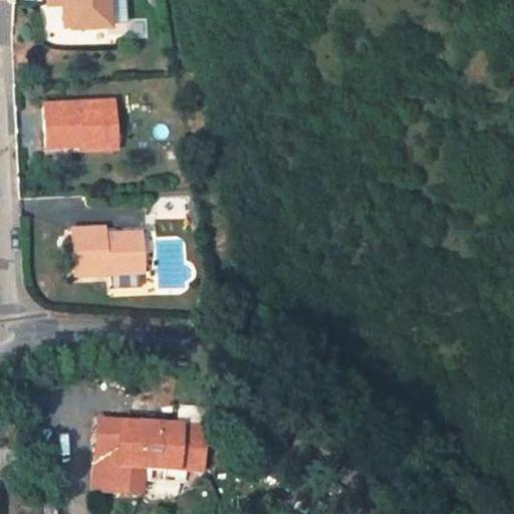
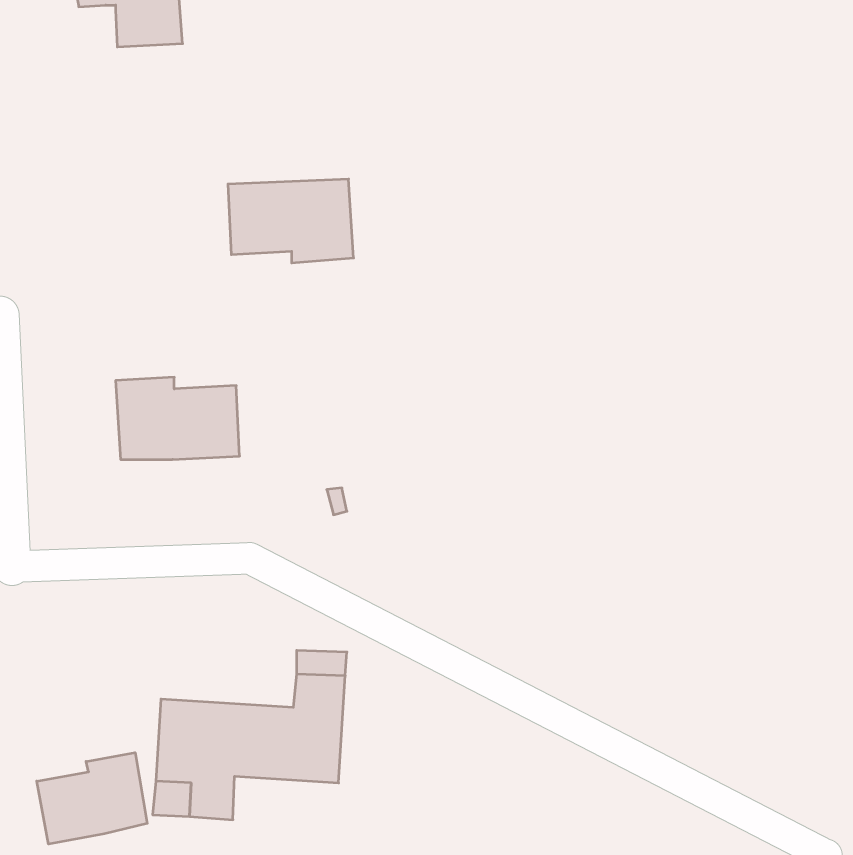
building: [43,100,118,151] -> [228,179,354,263]
building: none -> [37,753,147,844]

